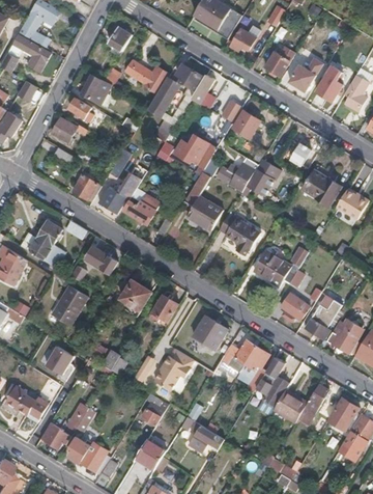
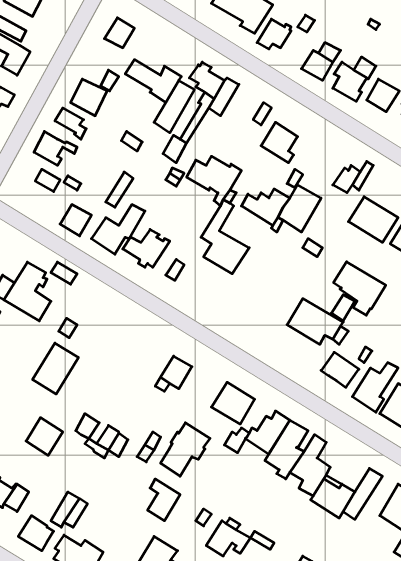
building: [219,213,260,255] -> [334,262,386,315]
building: [84,246,117,273] -> none
building: [120,278,151,310] -> none

